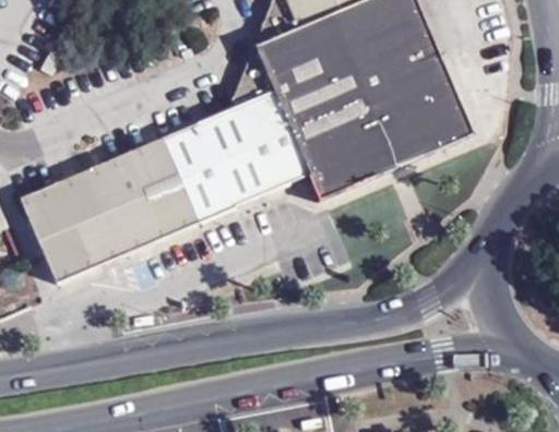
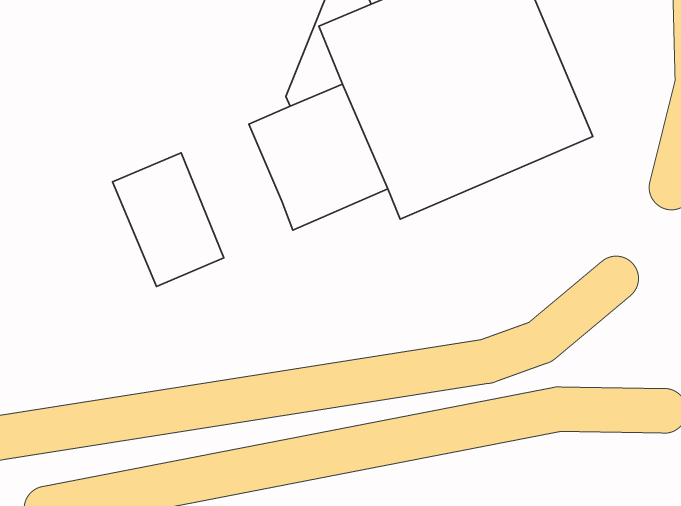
building: [145,122,234,228] -> none
building: [21,168,126,281] -> none

